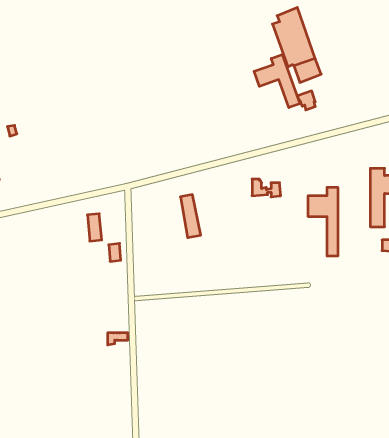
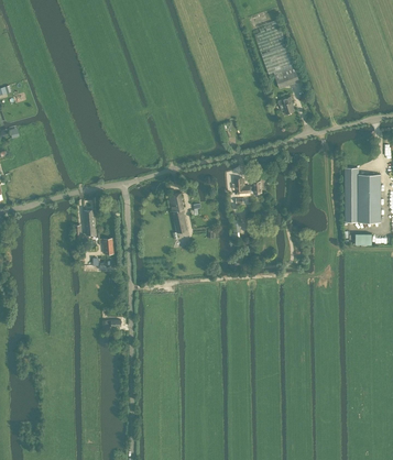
building: [254,54,300,108] -> none
building: [308,187,338,256] -> none

